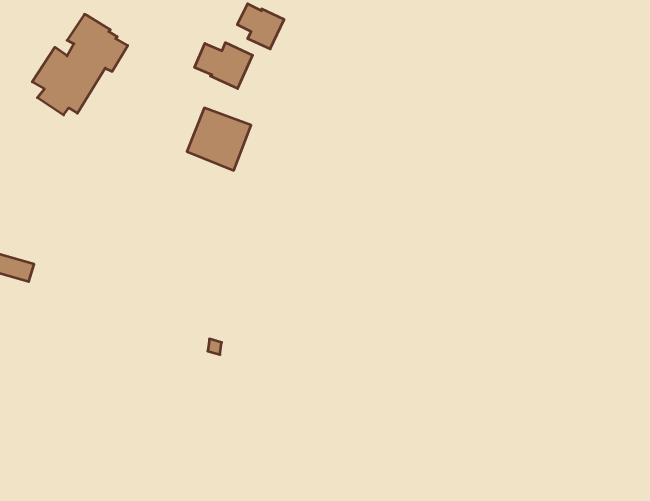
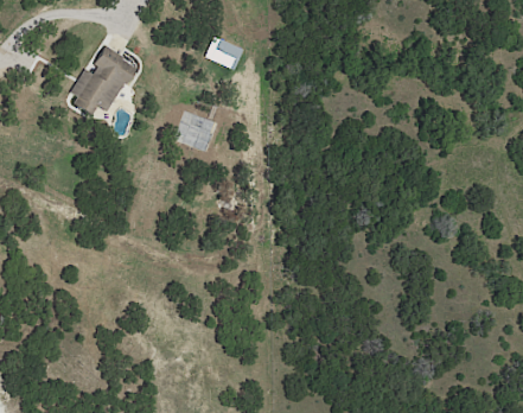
building: [195,43,253,89] -> none

